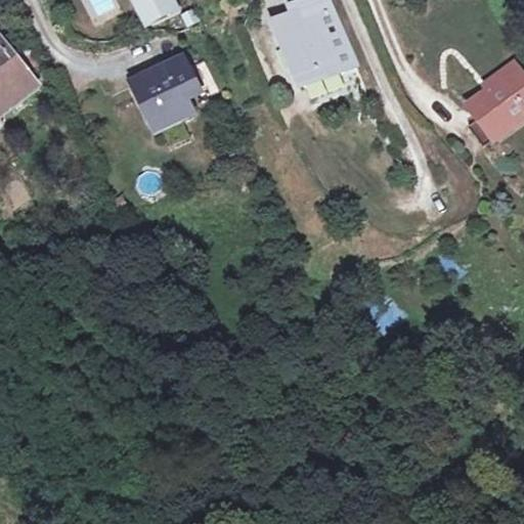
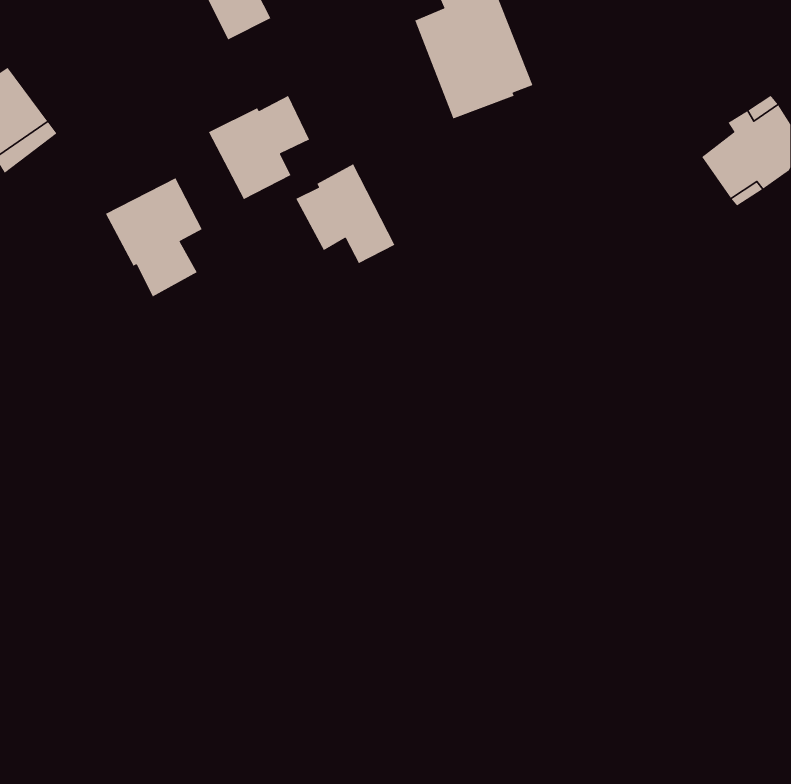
building: none -> [295,163,395,264]
building: none -> [105,177,203,297]

